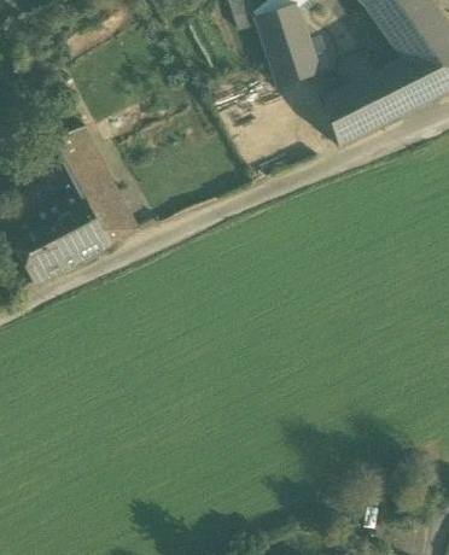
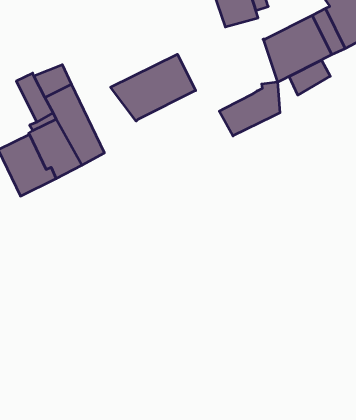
building: none -> [111,54,196,121]
building: none -> [289,60,330,95]
building: none -> [219,82,280,136]

